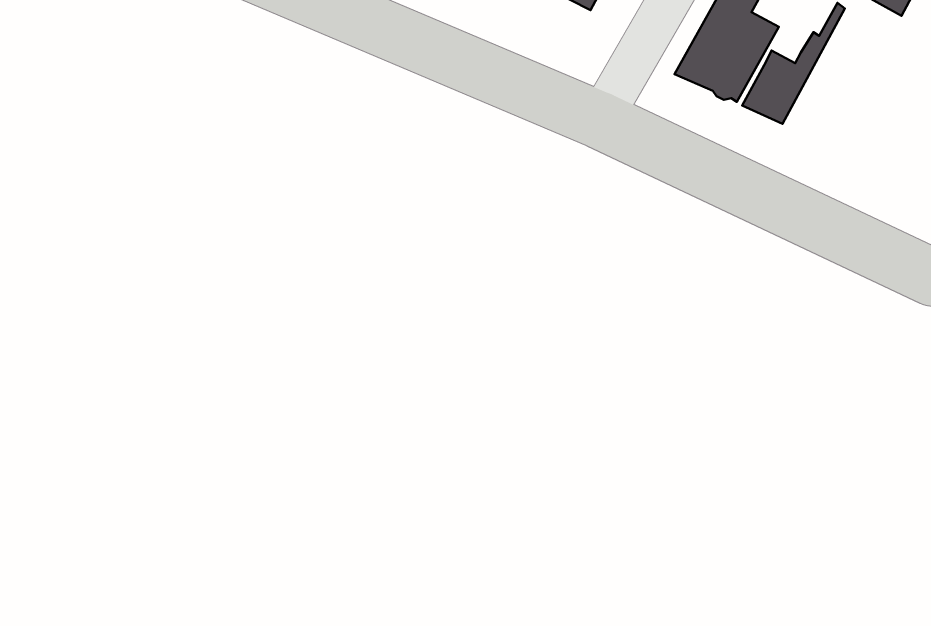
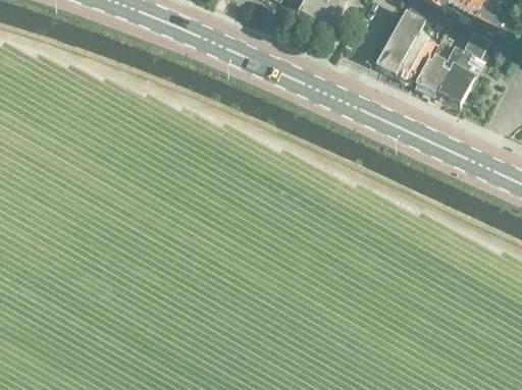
building: none -> [436,30,489,104]

